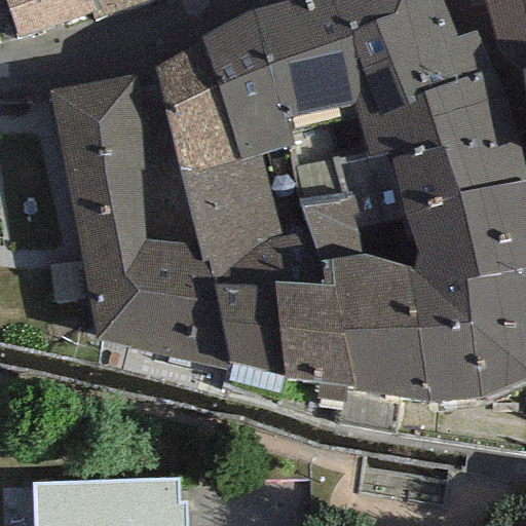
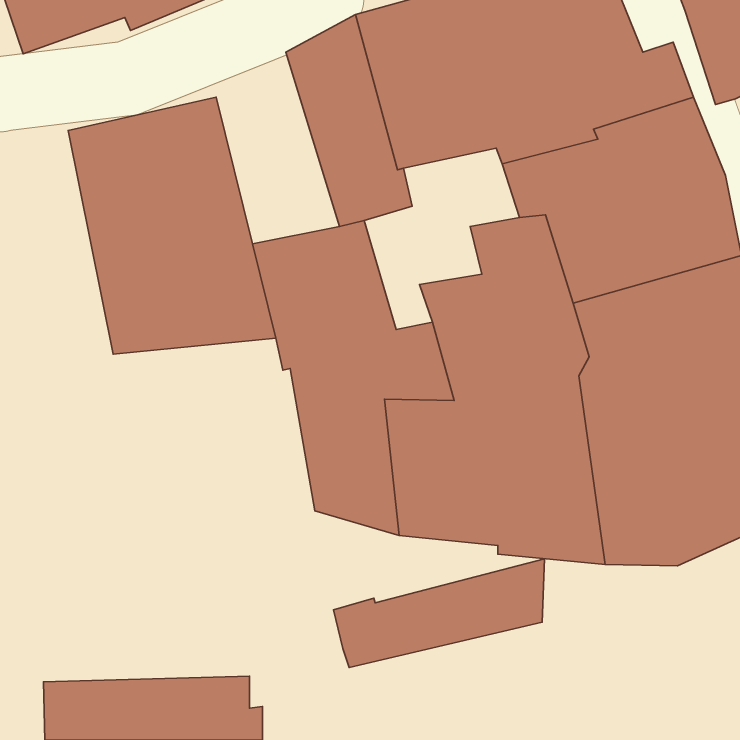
building: [154,37,241,173] -> none
building: [81,239,226,370] -> none
building: none -> [333,559,545,667]

